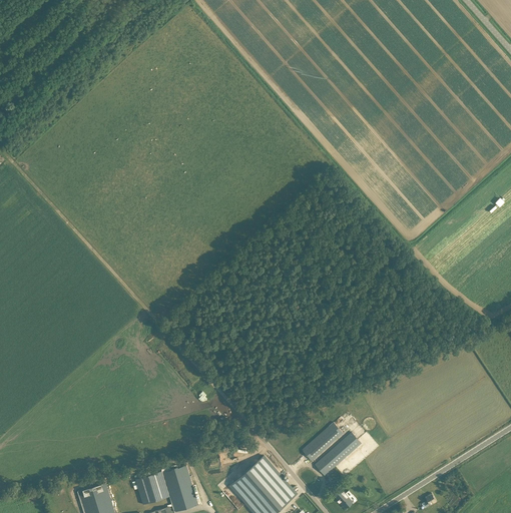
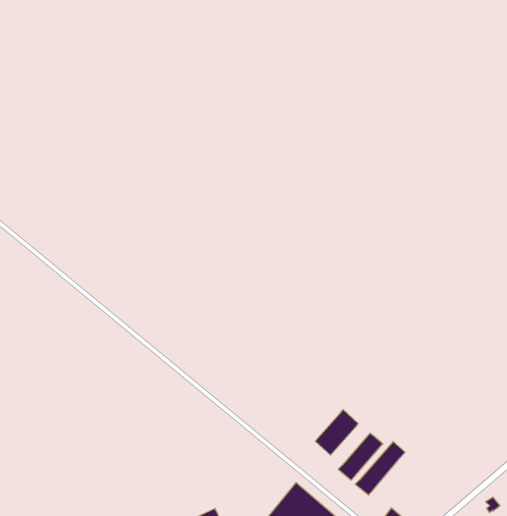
building: none -> [315,410,358,455]

